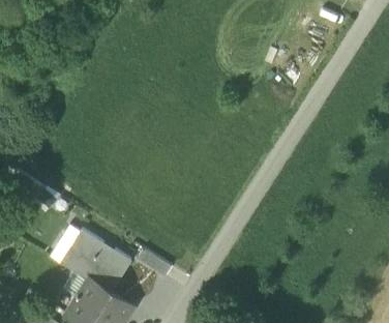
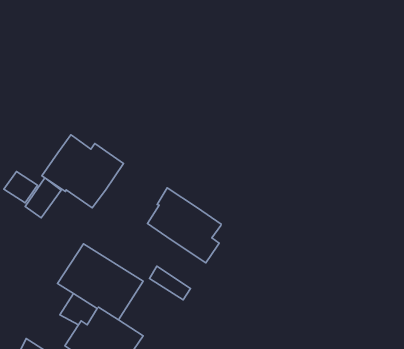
building: none -> [42,135,124,208]
building: none -> [147,188,221,263]

